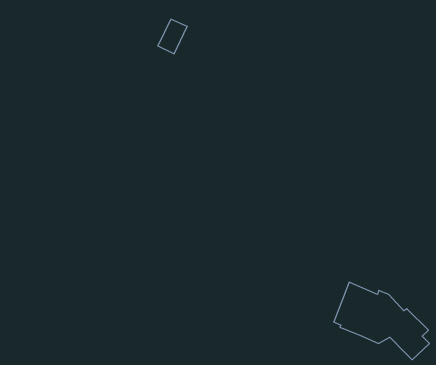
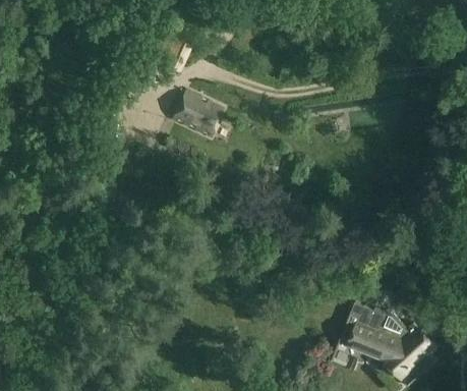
building: none -> [173,93,225,139]

